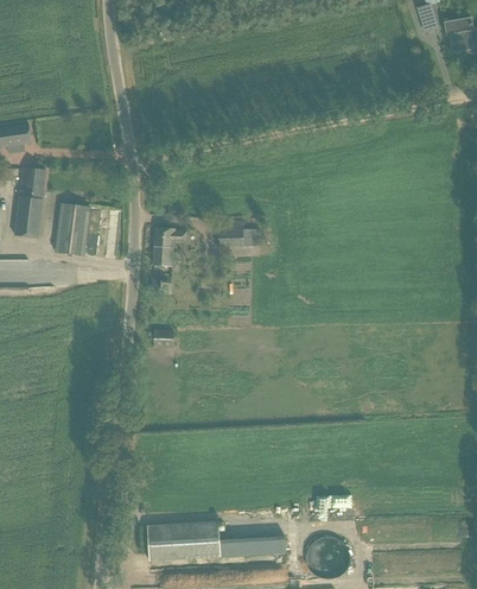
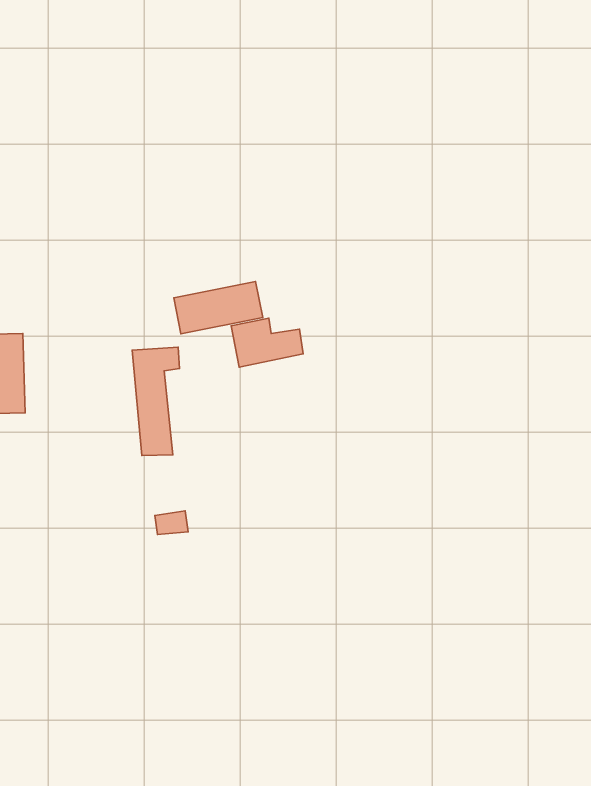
building: none -> [174,282,263,334]

